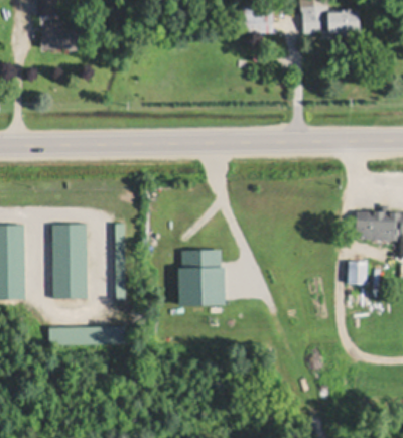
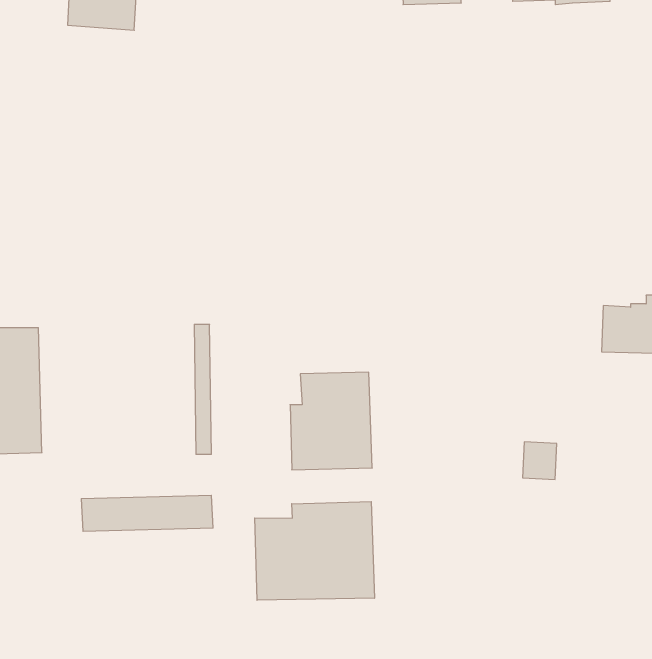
building: [53,225,89,299] -> none
building: [348,263,368,285] -> [523,442,557,479]
building: none -> [255,502,374,600]

